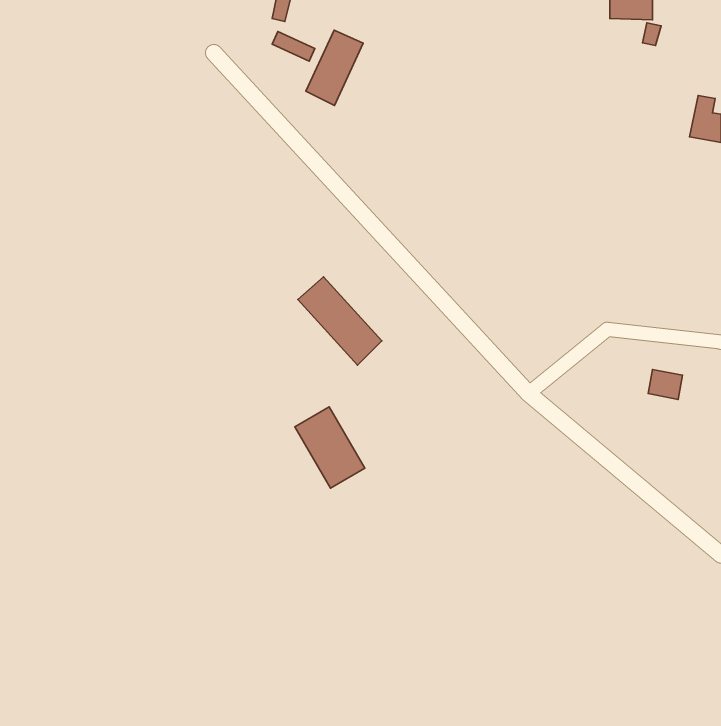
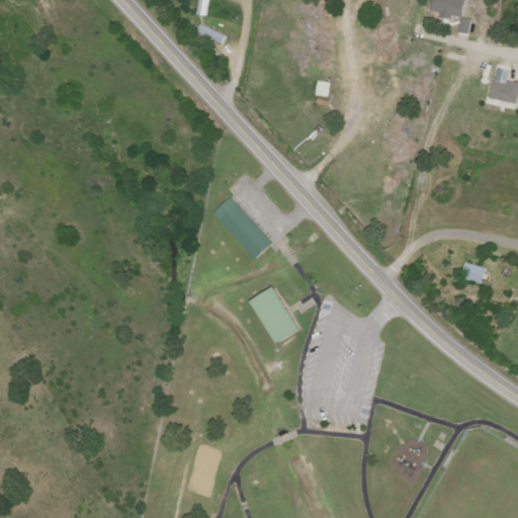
building: [306,30,363,106] -> none
building: [295,407,365,488] -> [252,285,301,343]

